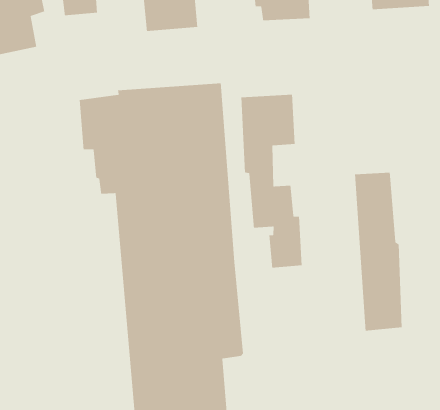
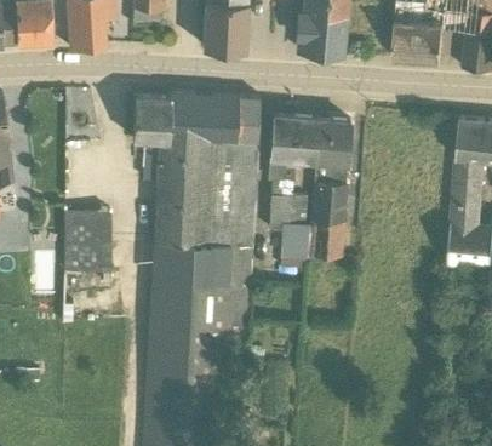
building: [354,172,403,332] -> [309,118,350,255]
building: none -> [64,210,111,270]

